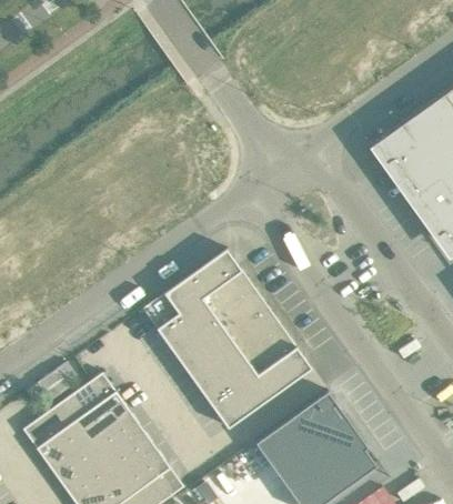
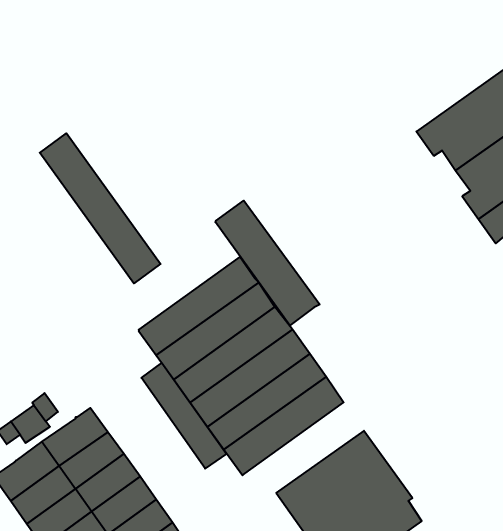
building: none -> [40,133,161,283]
building: none -> [215,201,320,326]
building: none -> [141,363,226,469]

